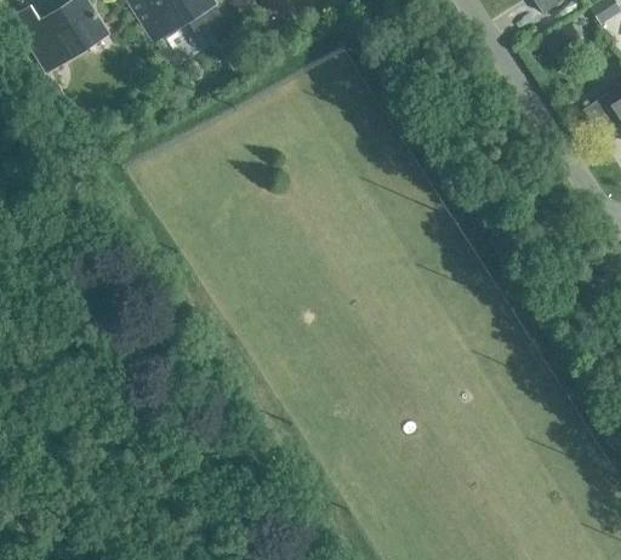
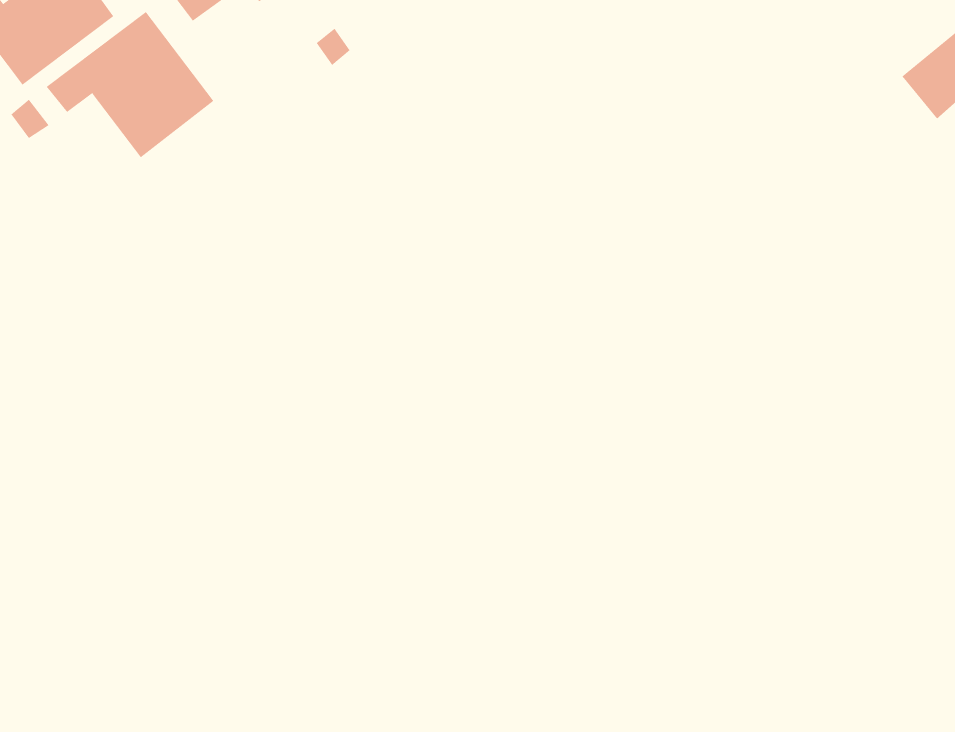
building: none -> [46,11,214,158]

